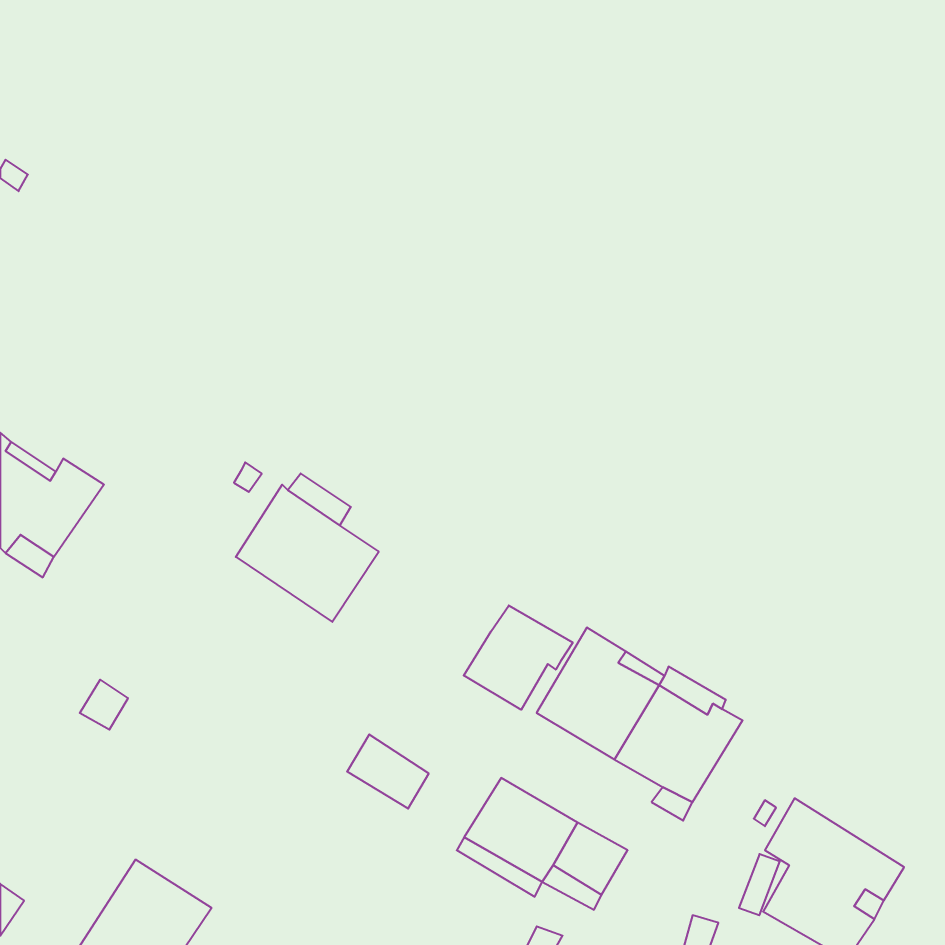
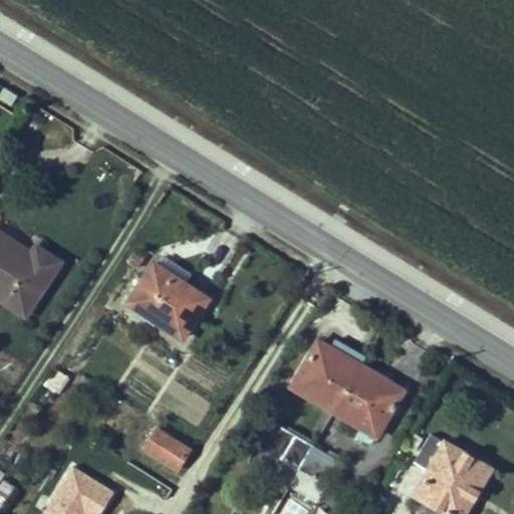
building: [464,605,573,710] -> none
building: [347,734,429,809] -> [147,430,191,470]

